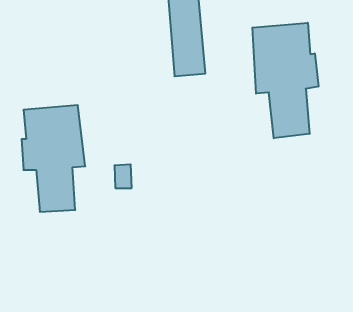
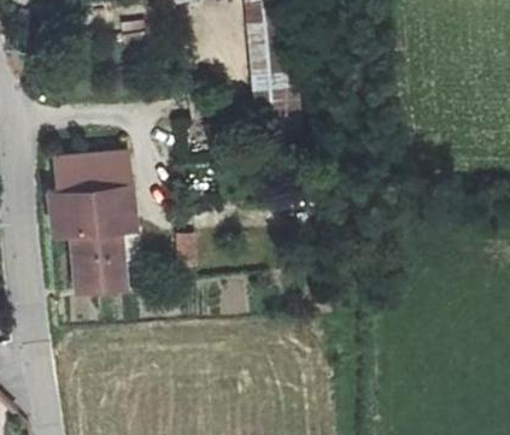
building: [252,23,318,138] -> none

